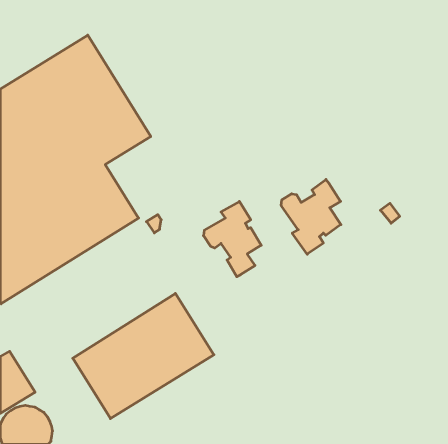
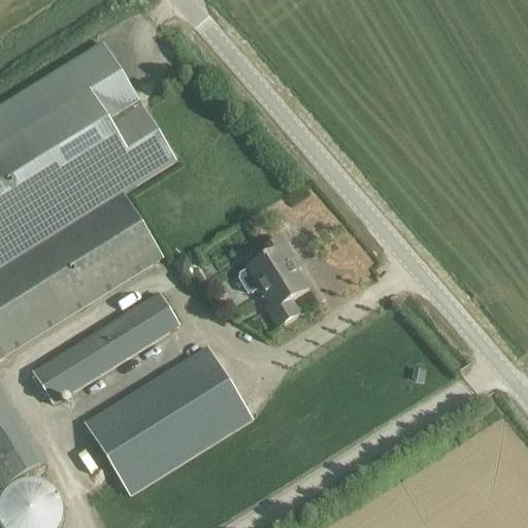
building: [281,179,341,254] -> none
building: none -> [33,292,178,402]

